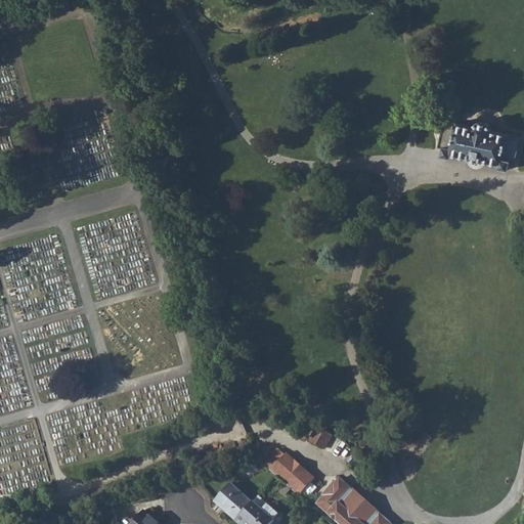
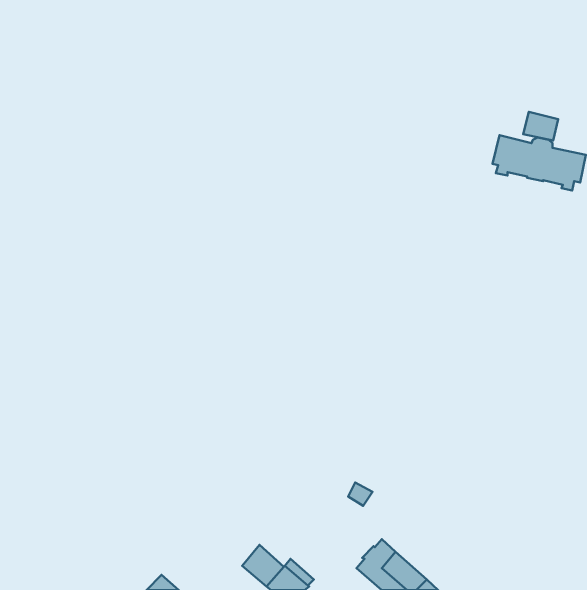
building: none -> [523,112,558,141]
building: [269,454,312,495] -> none

